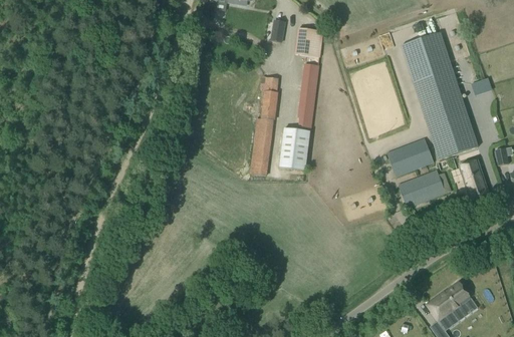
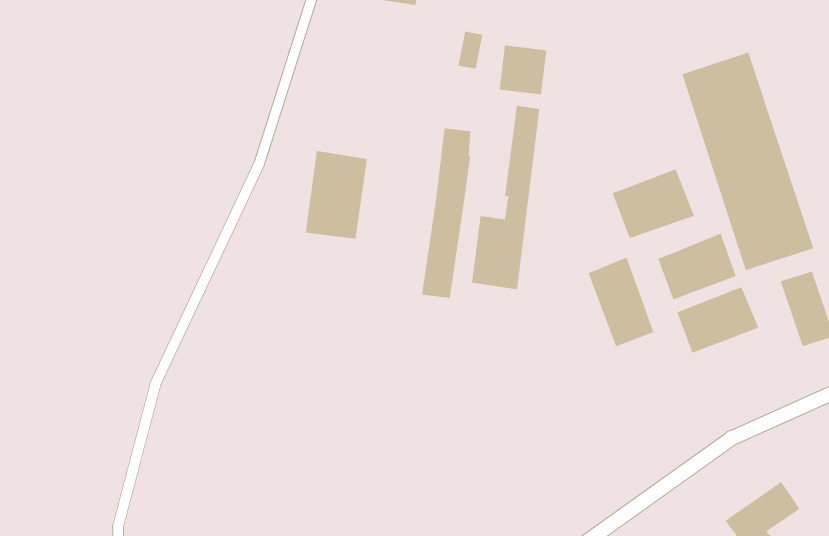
building: none -> [305,150,367,240]
building: none -> [612,169,695,239]
building: none -> [588,257,654,347]

